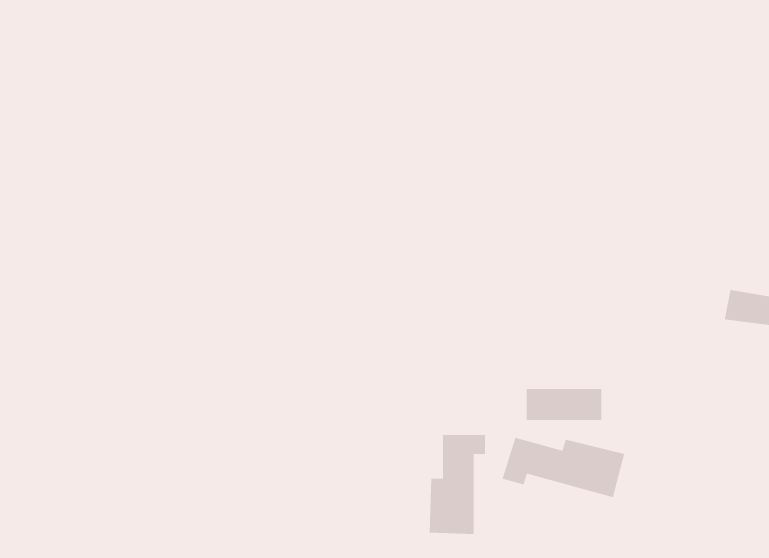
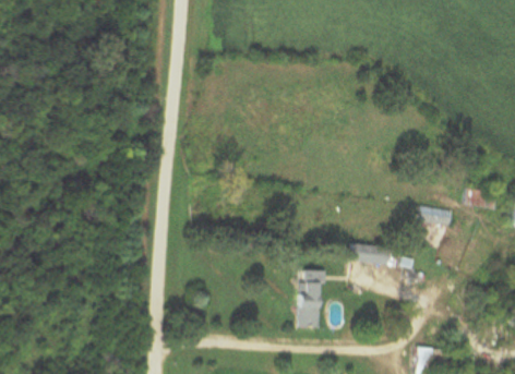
building: none -> [419,207,451,234]
building: [502,437,625,498] -> none

